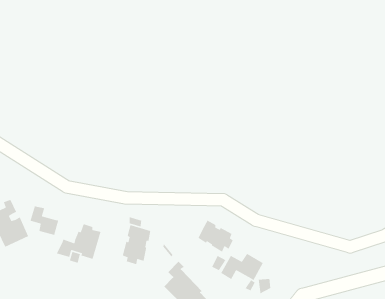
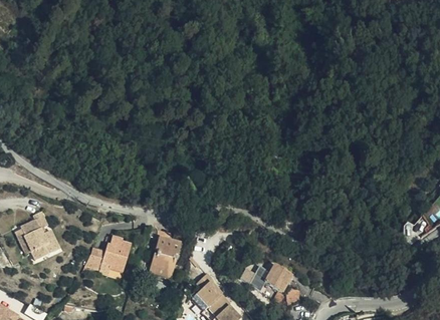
building: [30,205,59,236] -> none
building: [197,220,234,253] -> none

